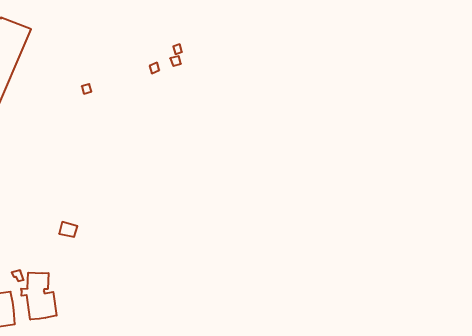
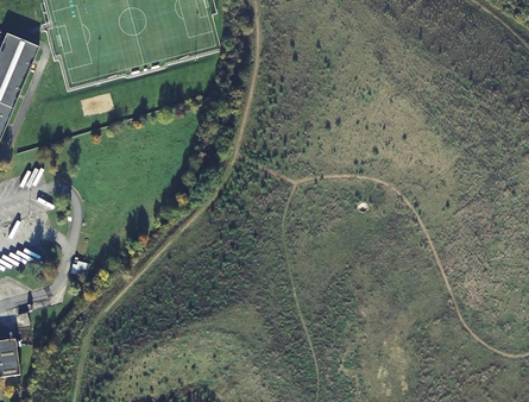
building: [21,273,57,320] -> none

